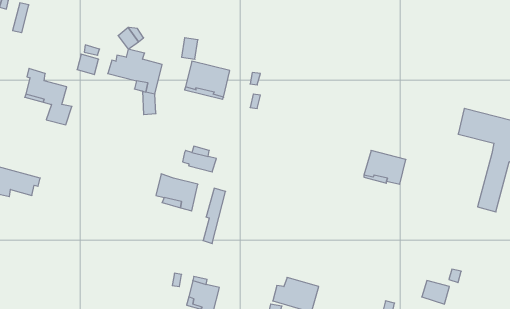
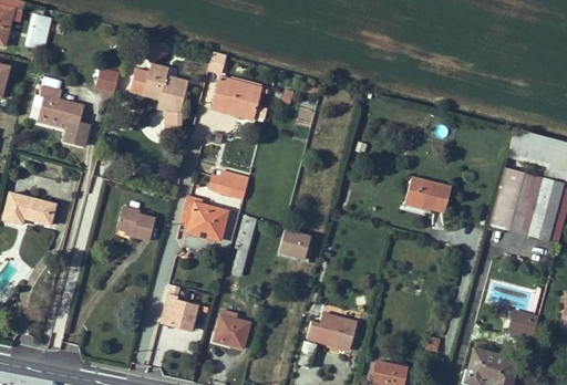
building: none -> [488,168,544,236]
building: none -> [116,206,154,240]
building: none -> [278,229,310,259]
building: none -> [159,295,196,330]
building: [422,281,449,304] -> [508,310,538,335]

